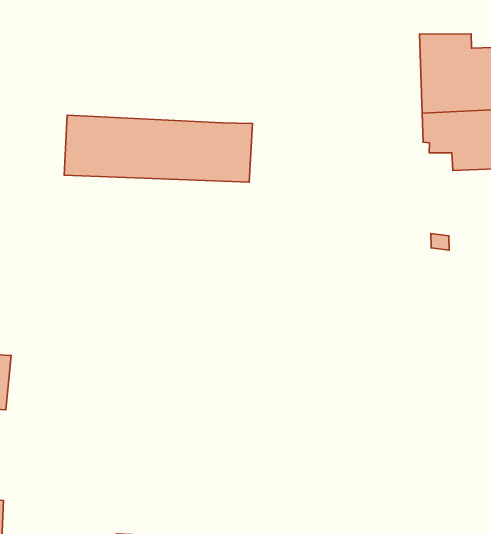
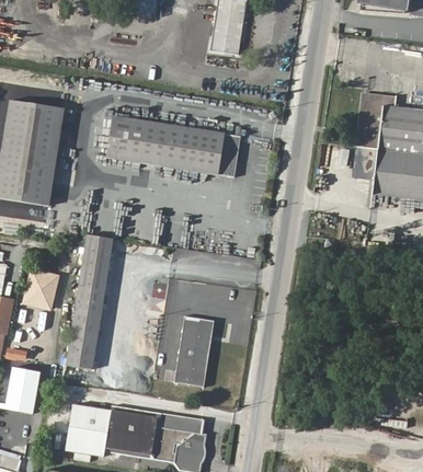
building: none -> [61,232,113,368]
building: none -> [173,313,216,385]

